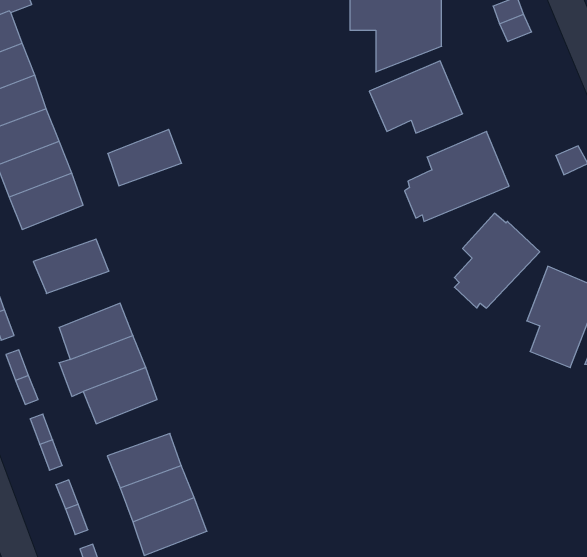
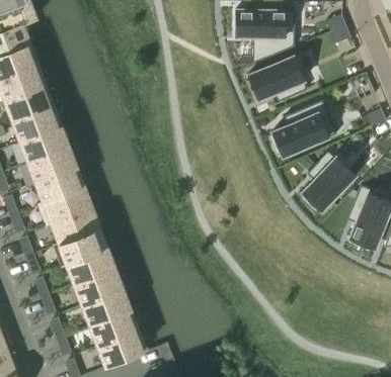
building: [108,129,182,186] -> [29,147,76,182]
building: none -> [40,188,91,225]
building: none -> [76,269,123,304]

